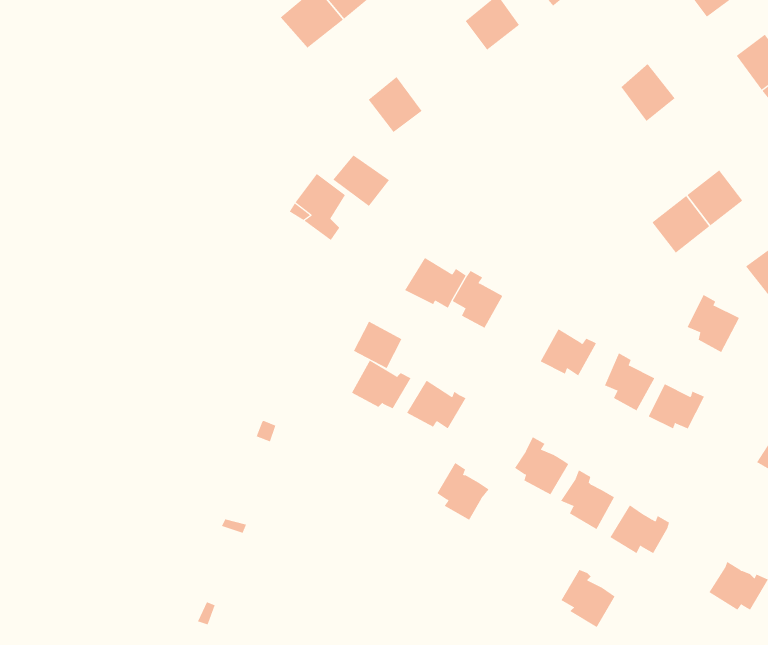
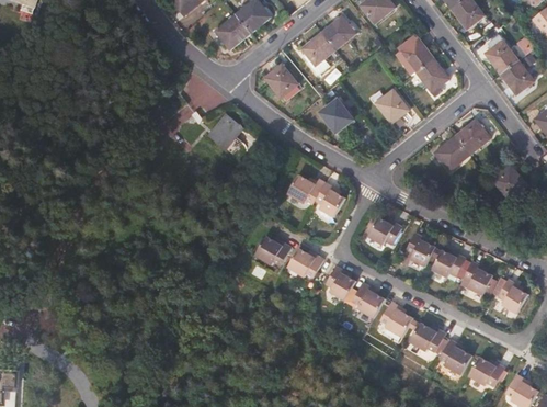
building: none -> [301,32,335,66]
building: none -> [392,34,432,75]
building: none -> [379,92,412,126]
building: none -> [320,98,354,133]
building: [333,155,390,207] -> none
building: [687,294,740,353] -> [461,260,493,295]
building: [353,321,402,369] -> none
building: [437,462,490,521] -> [324,264,356,299]
building: [560,569,615,628] -> [438,339,471,374]

